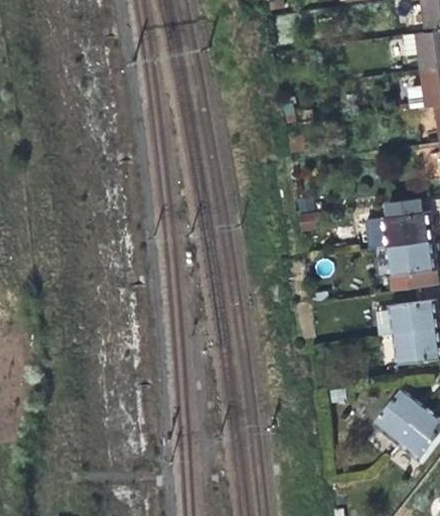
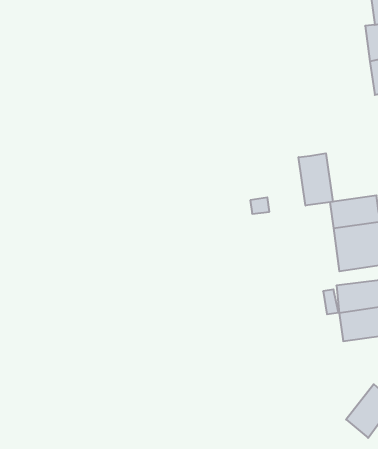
building: none -> [299,153,333,206]
building: [368,389,421,444] -> none

